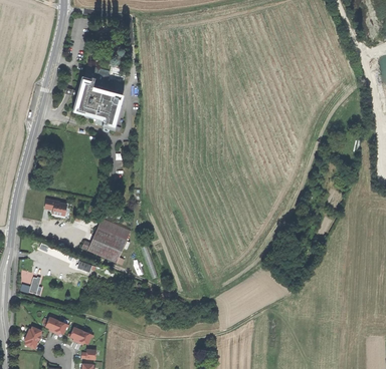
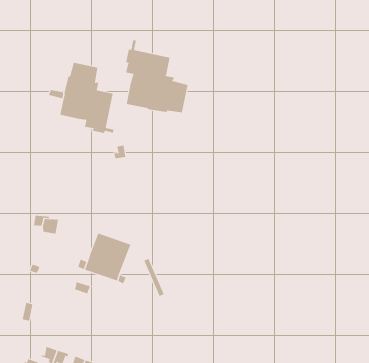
building: none -> [125,40,188,113]

